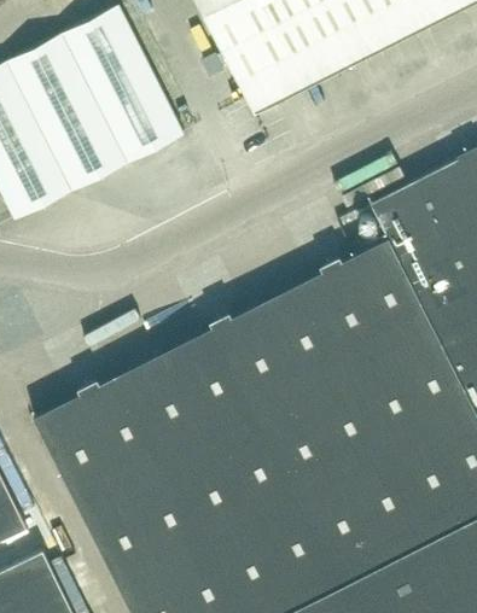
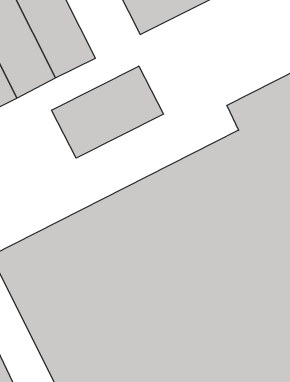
building: none -> [52,66,163,158]

